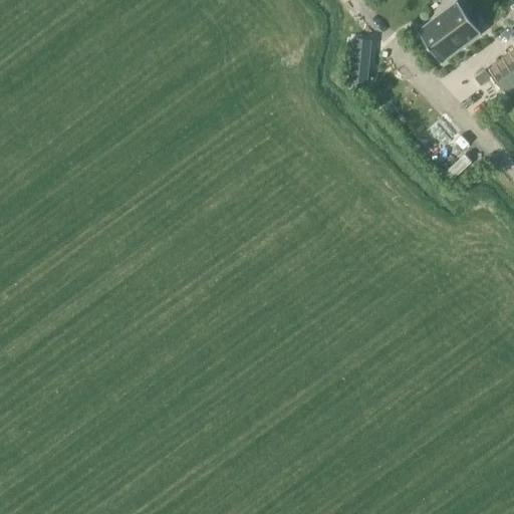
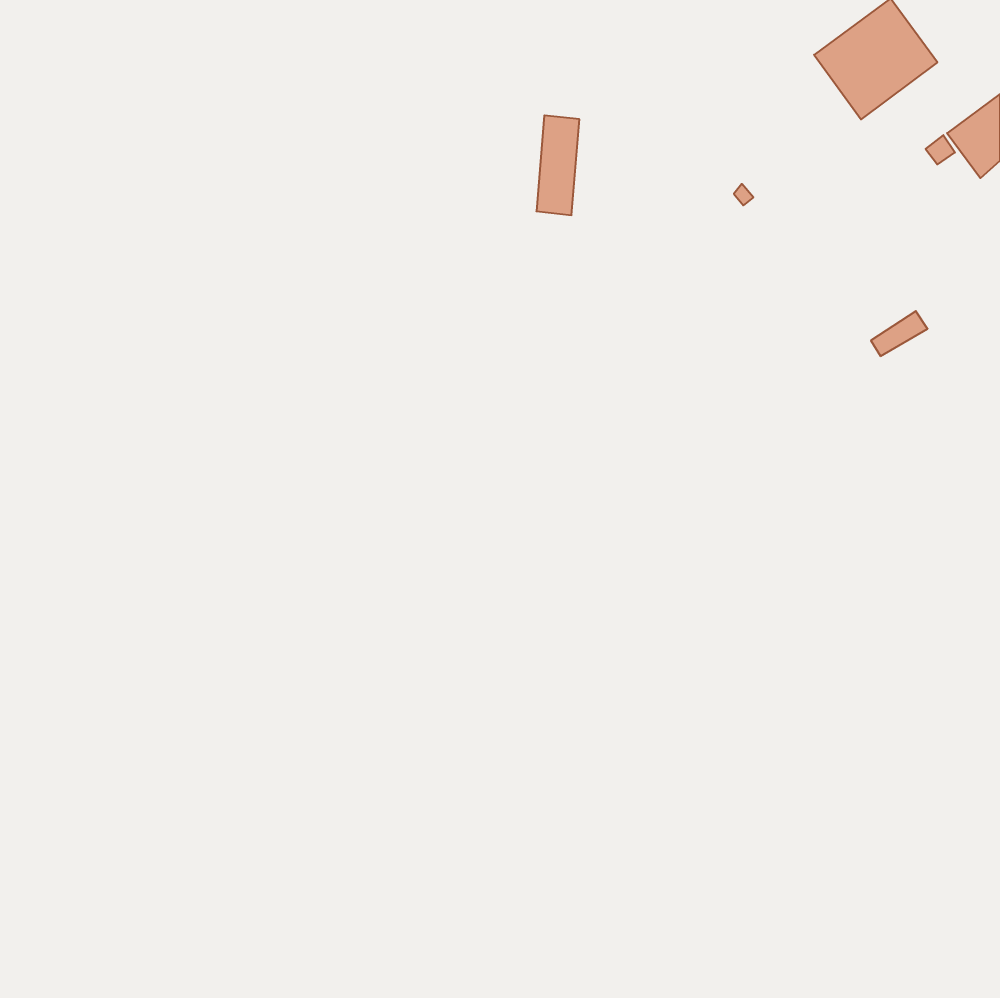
building: [349,36,371,87] -> [536,115,579,215]

